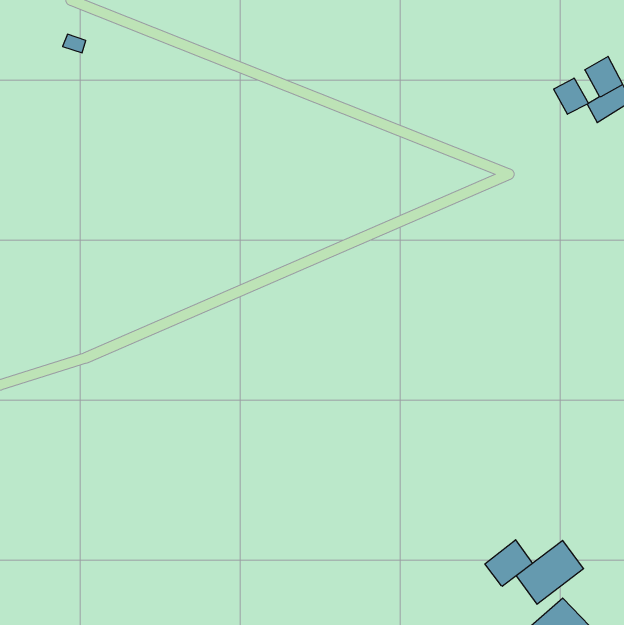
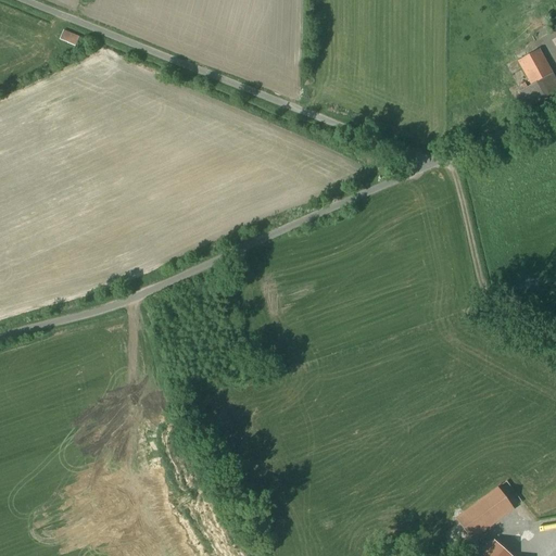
building: [554,78,588,114] -> none
building: [485,540,532,586] -> none

